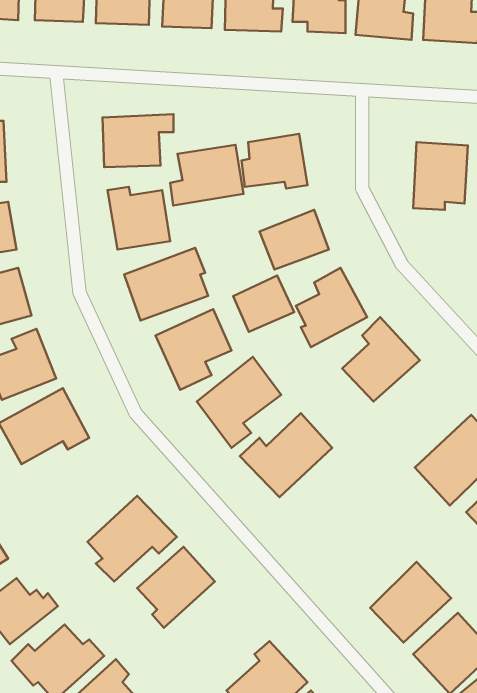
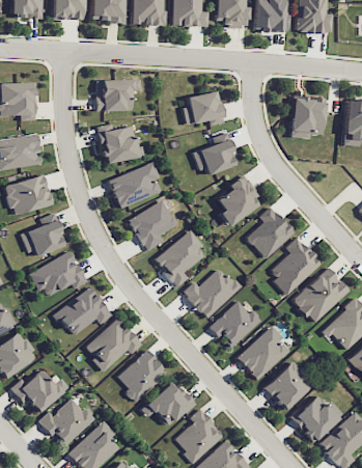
building: [170,145,243,205] -> none
building: [233,275,294,332] -> none
building: none -> [268,237,321,294]
building: none -> [55,286,112,336]
building: none -> [208,300,262,347]
building: none -> [236,326,290,380]
building: none -> [140,379,193,426]

